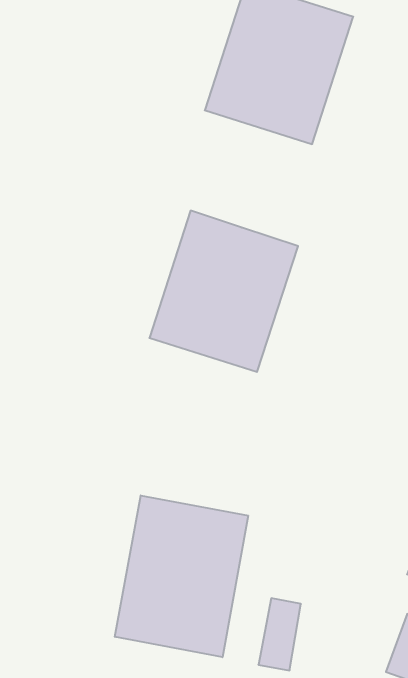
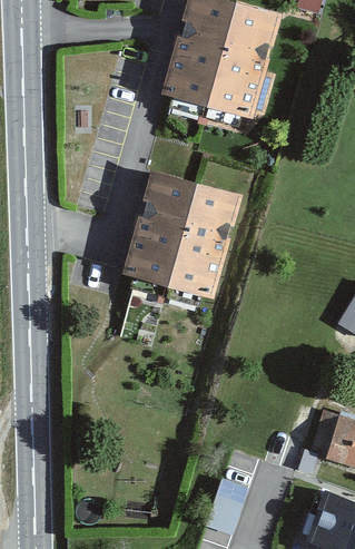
building: [115,495,248,657] -> none

